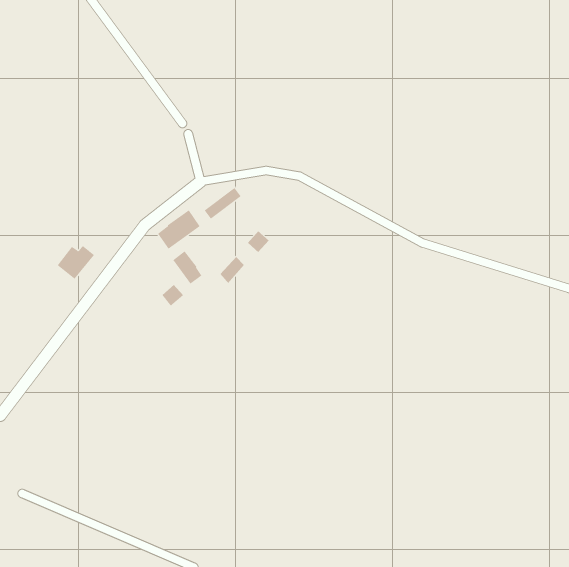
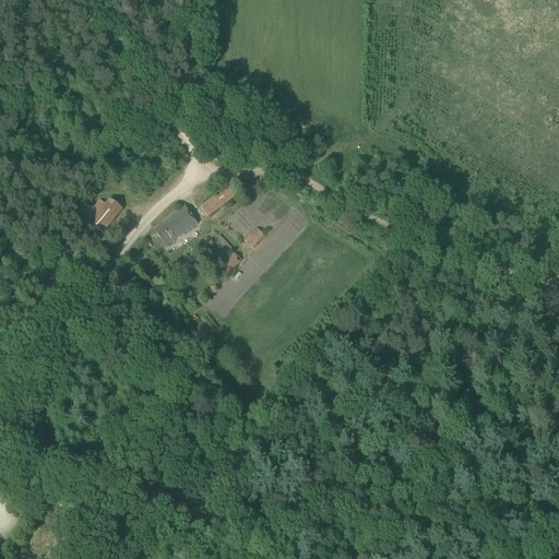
building: [57,245,95,280] -> [85,198,122,231]
building: [173,250,202,284] -> none

